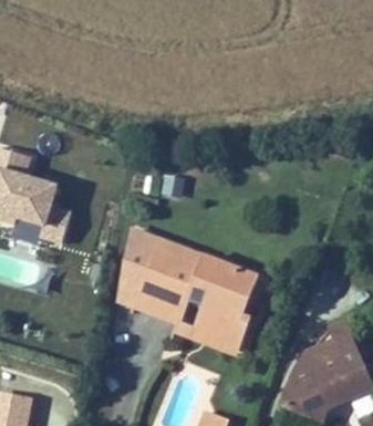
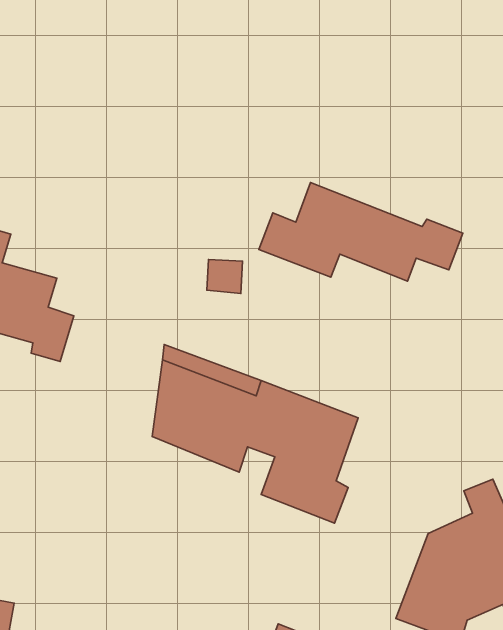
building: none -> [259,182,463,281]
building: [120,288,240,354] -> none

